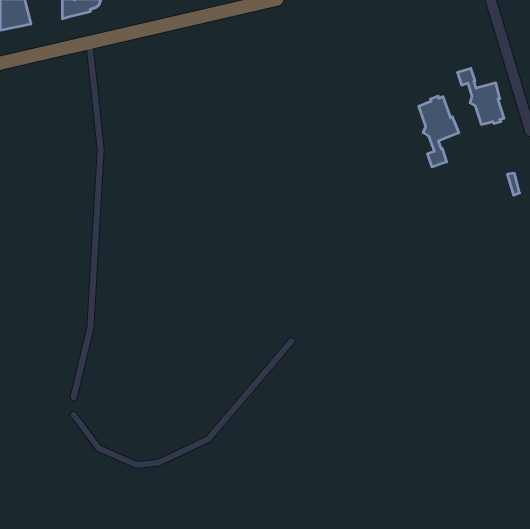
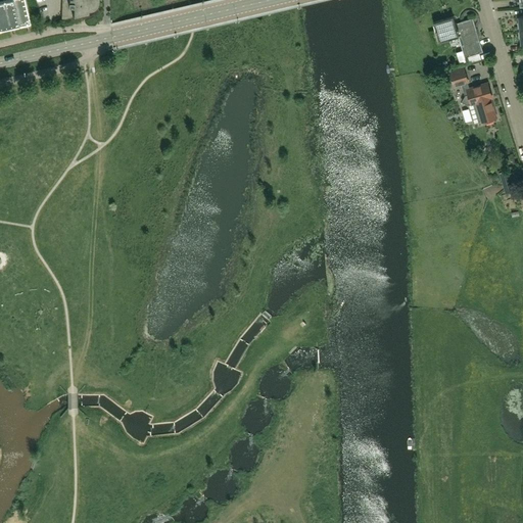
building: none -> [433,15,483,56]
building: [419,96,459,167] -> none

